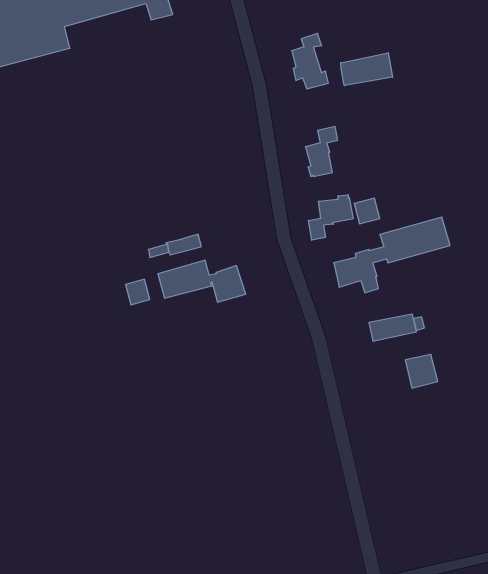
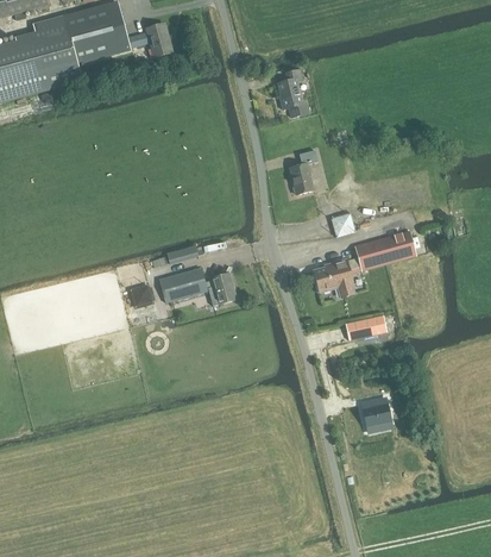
building: [341,53,393,86] -> none
building: [308,195,353,240] -> none
building: [405,354,438,388] -> [361,398,390,427]

